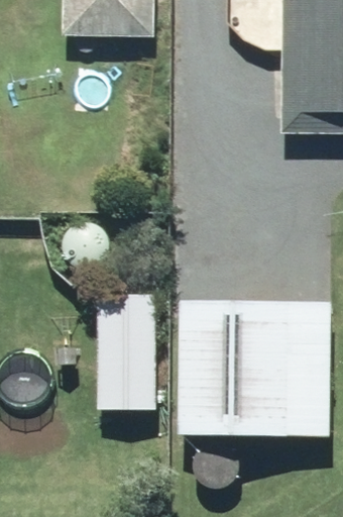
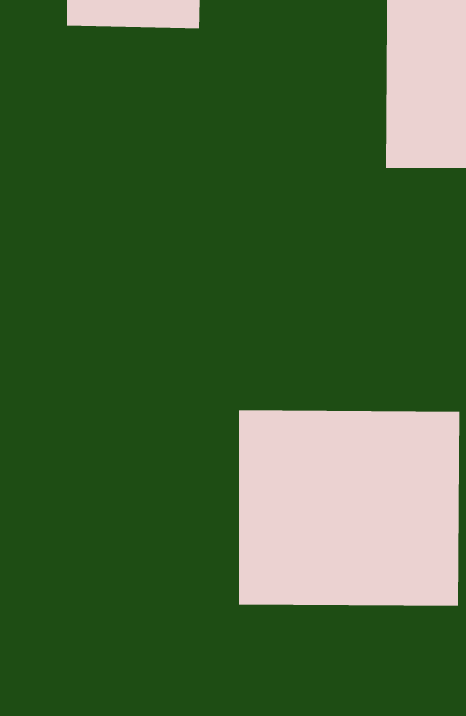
building: [93,295,153,411] -> none

